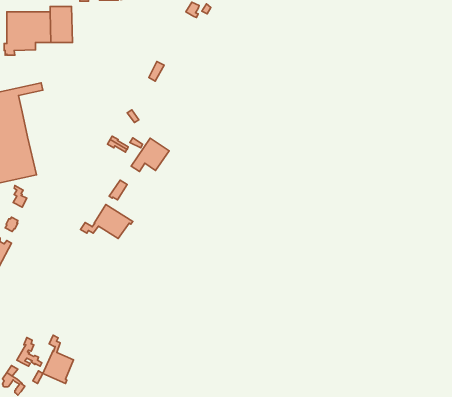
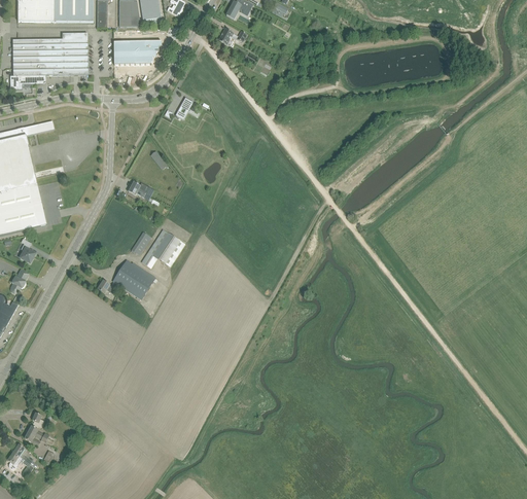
building: none -> [113,40,161,63]
building: [131,138,169,171] -> [141,228,184,266]
building: [43,335,73,384] -> none

